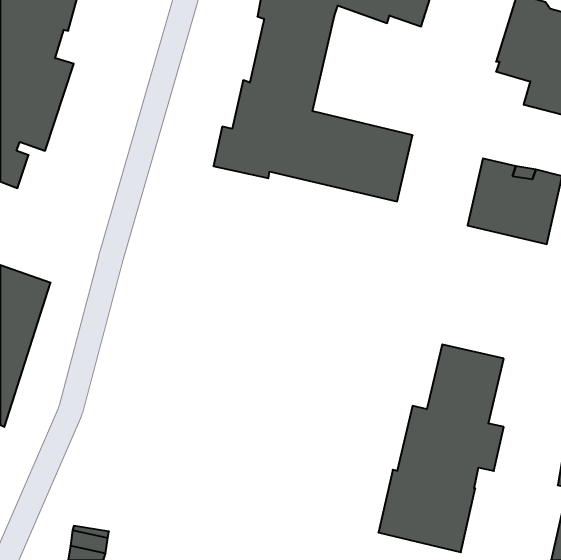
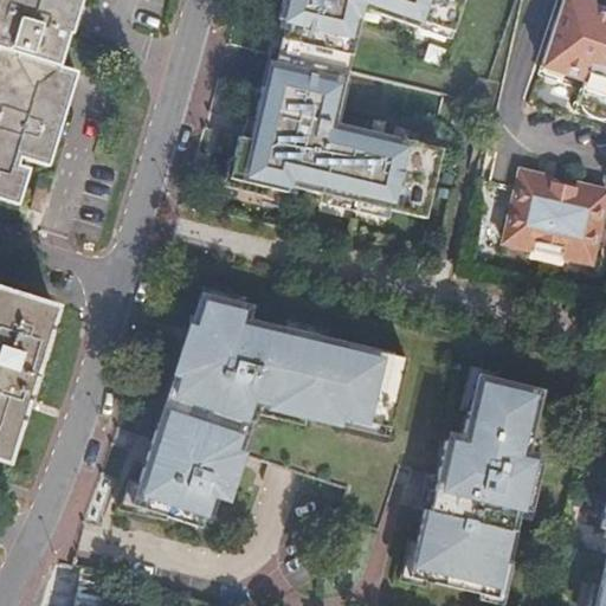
building: none -> [129,295,407,526]

